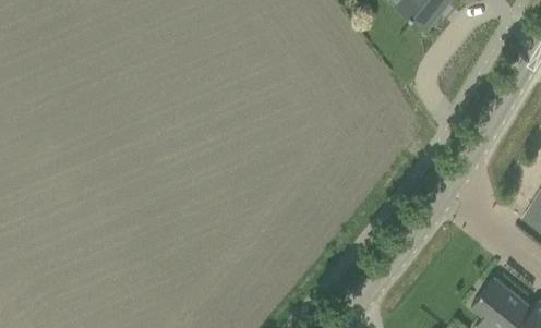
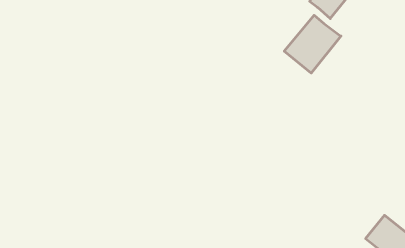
building: none -> [284,15,341,73]

